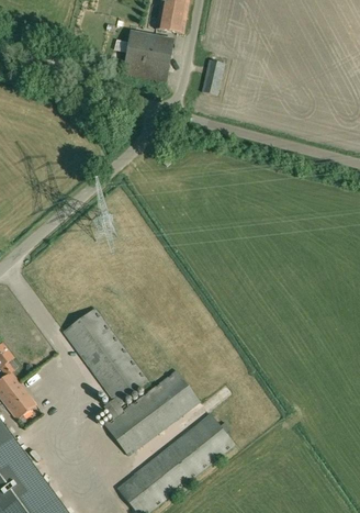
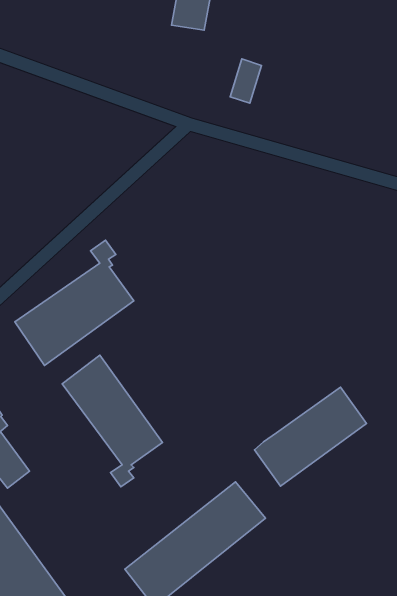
building: [122,38,171,81] -> none
building: none -> [15,240,134,365]
building: [104,371,199,455] -> [254,387,366,486]

